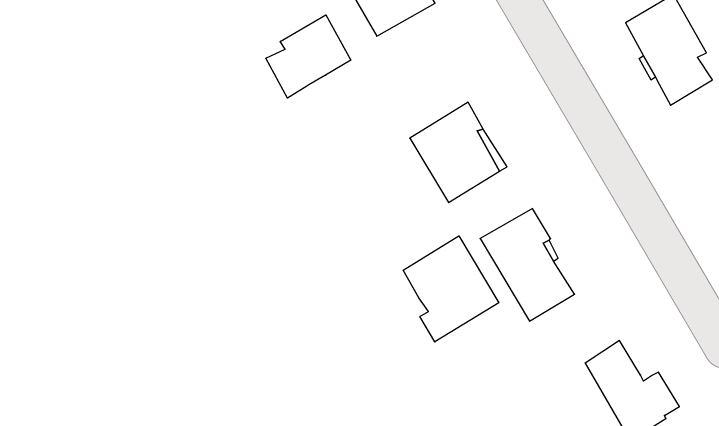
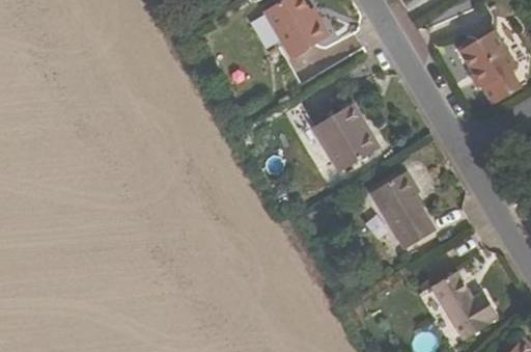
building: [266,15,351,98] -> none
building: [403,236,499,342] -> none

